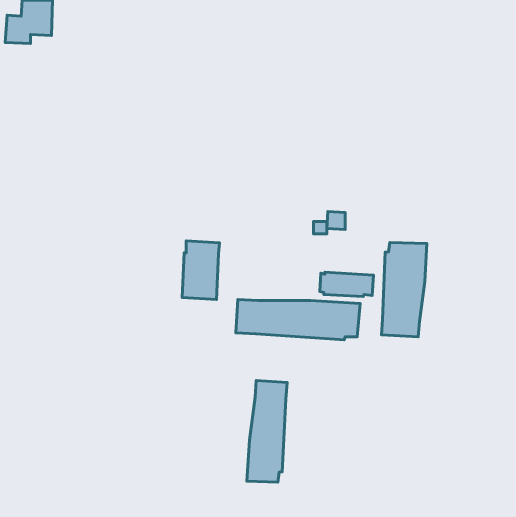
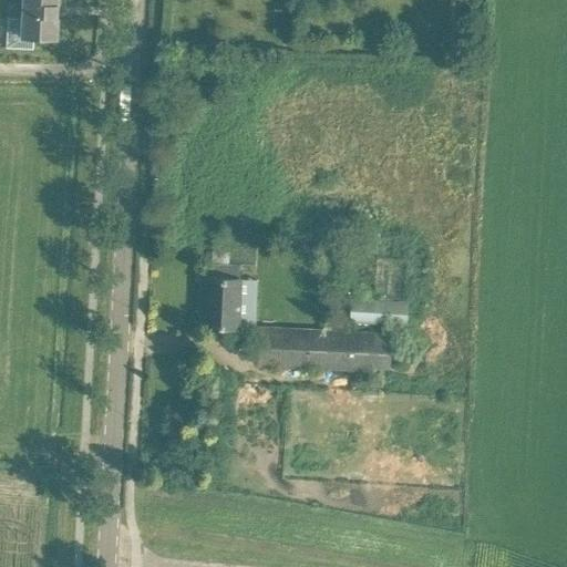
building: [381,242,427,337] -> none
building: [247,380,287,482] -> none

